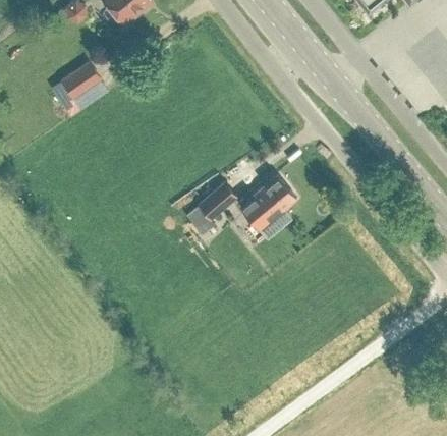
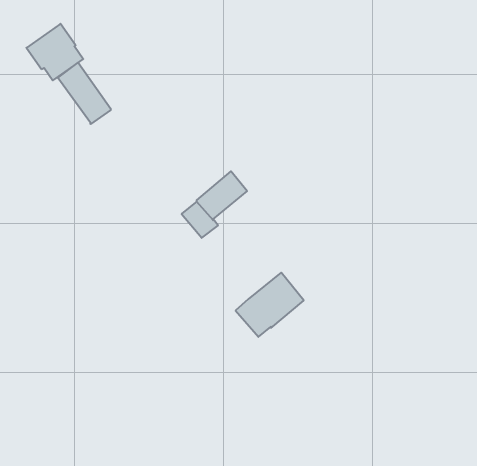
building: none -> [58,63,111,124]
building: [242,175,297,227] -> [236,273,304,337]

